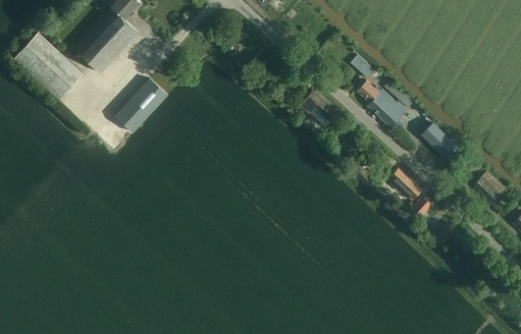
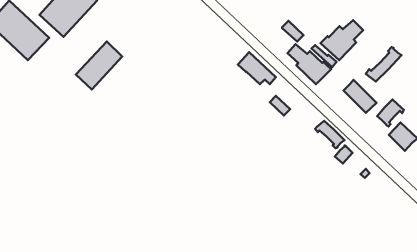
building: none -> [321,20,363,60]
building: none -> [366,47,401,82]
building: none -> [377,100,404,127]

